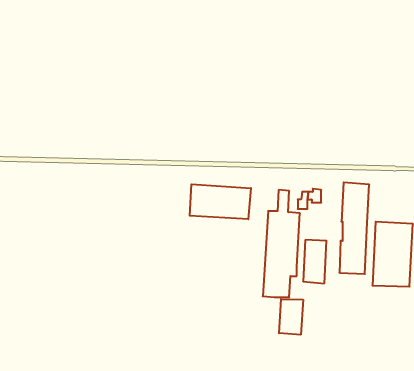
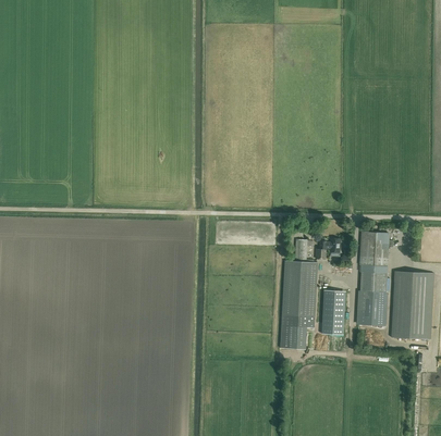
building: [190,184,251,219] -> none
building: [279,299,303,335] -> none

